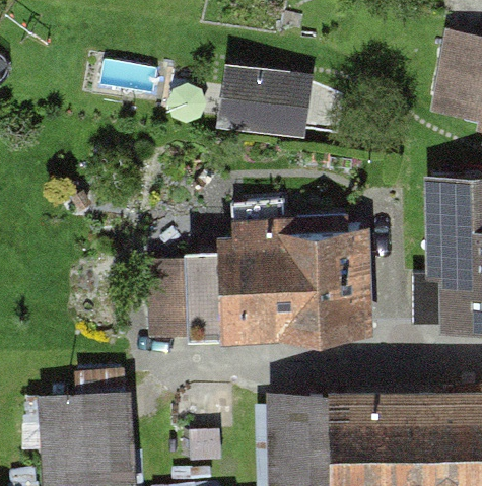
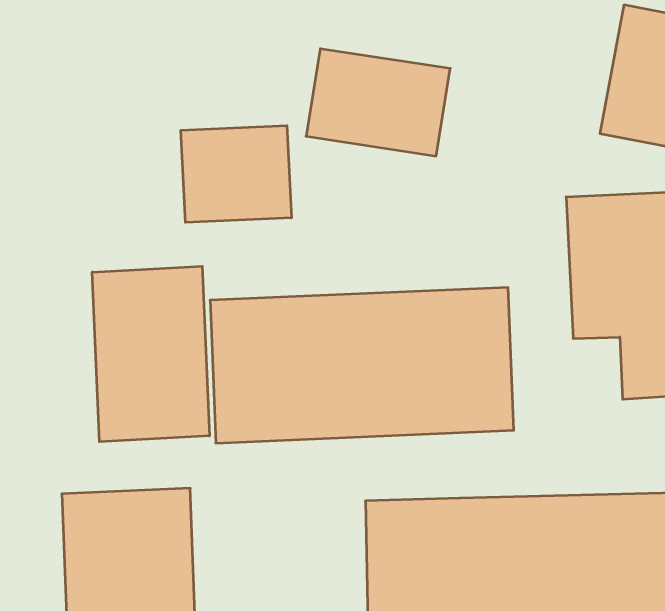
building: none -> [181,126,291,222]
building: none -> [92,266,209,442]

